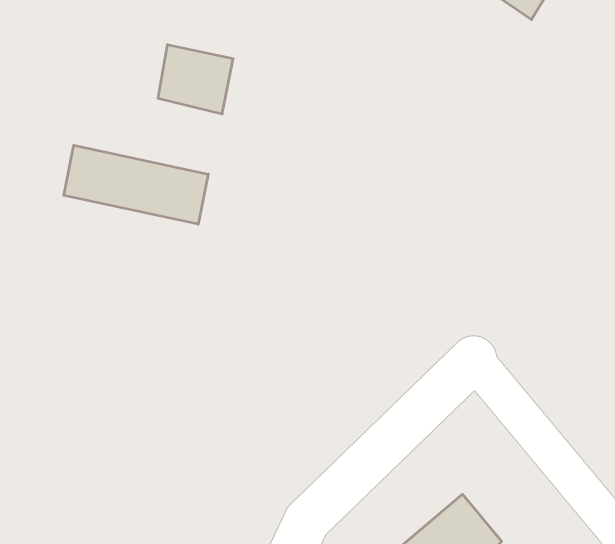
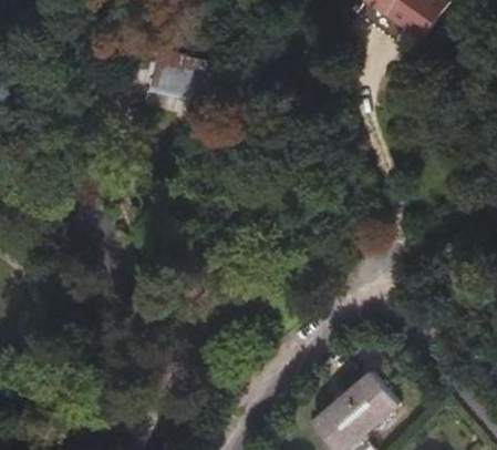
building: [64,145,208,224] -> none

